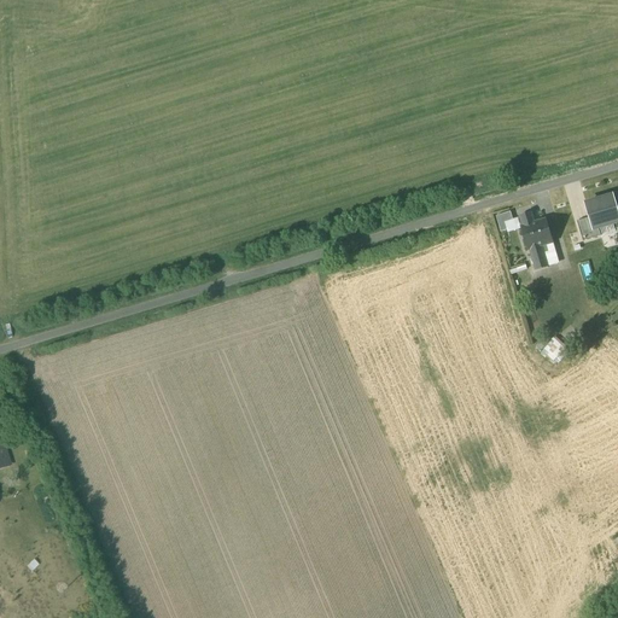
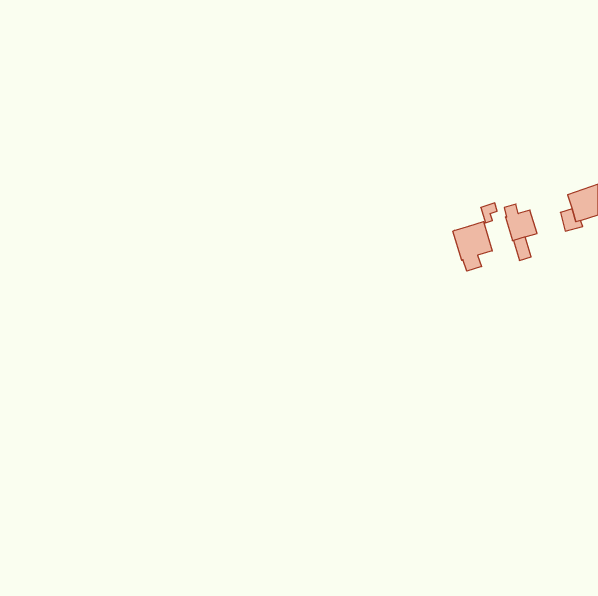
building: none -> [453,222,492,271]

